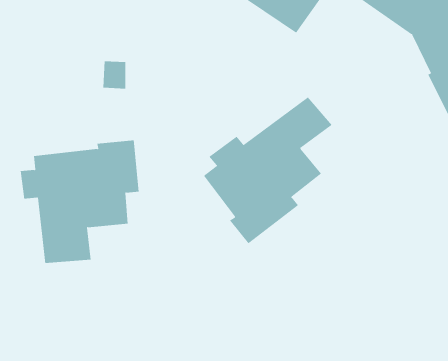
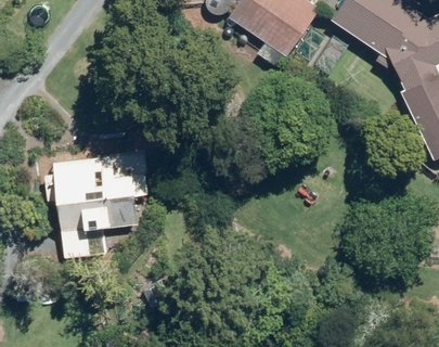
building: [203,96,332,244] -> none

